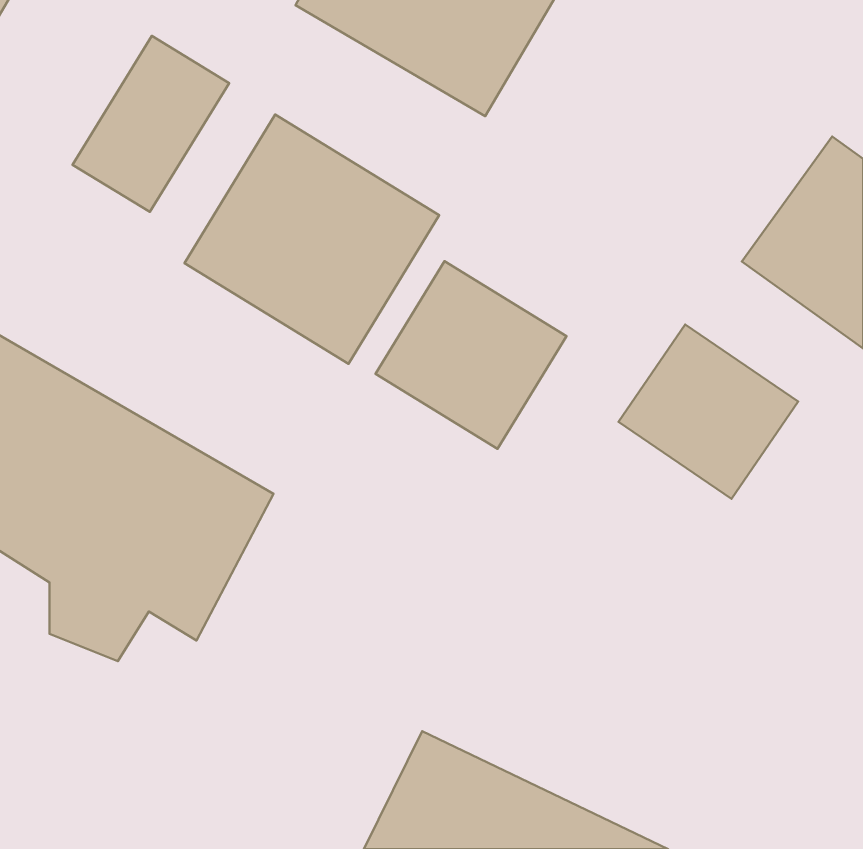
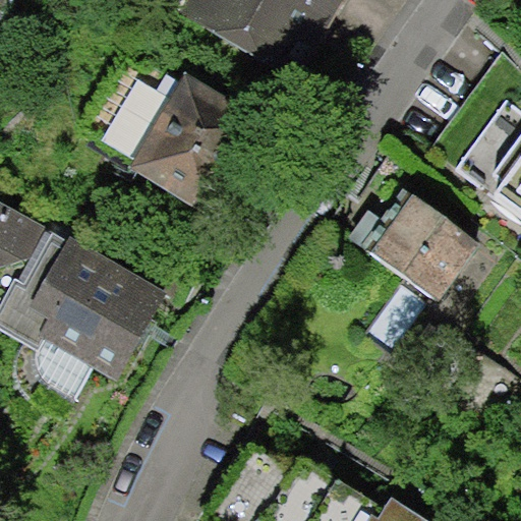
building: [73,36,229,212] -> none
building: [376,261,567,449] -> none

